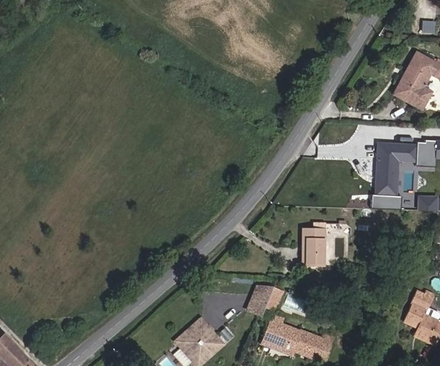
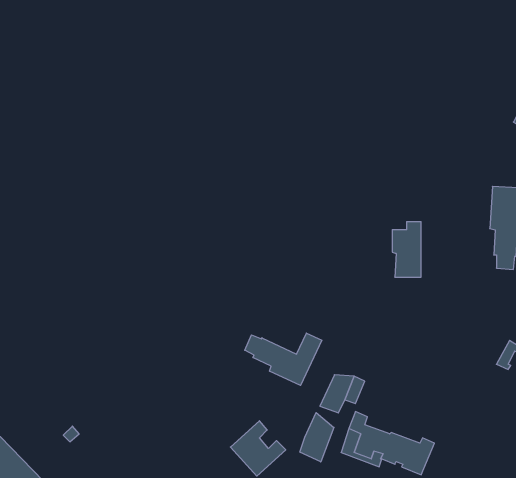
building: [303,223,325,265] -> [392,222,421,277]
building: none -> [245,333,322,385]
building: none -> [300,413,334,462]

